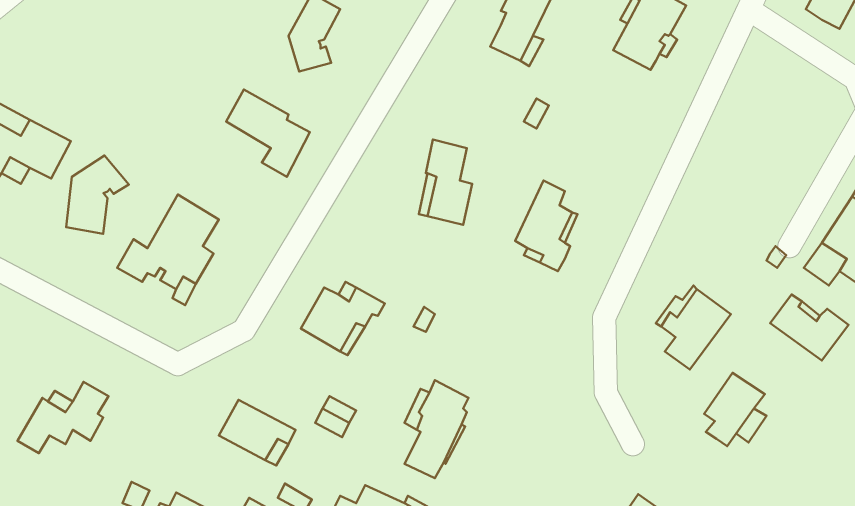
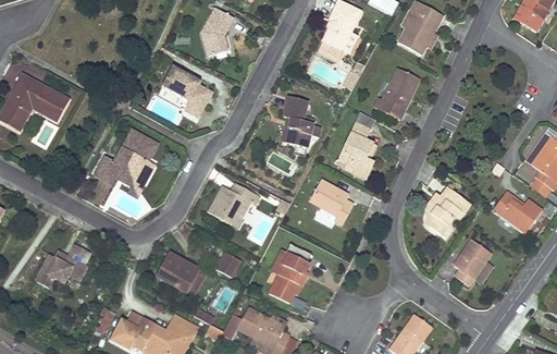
building: none -> [375,68,419,118]
building: [66,155,129,234] -> none
building: none -> [310,179,354,223]

